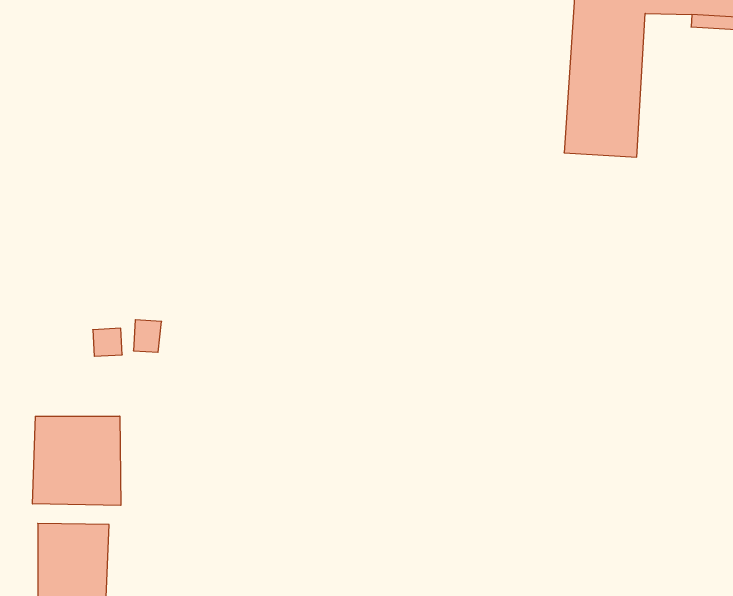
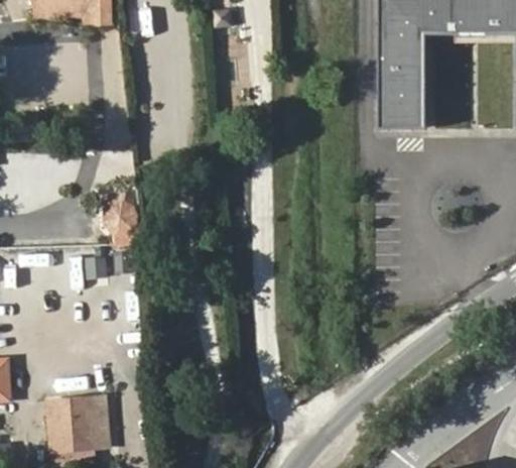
building: [33,416,121,505] -> none

